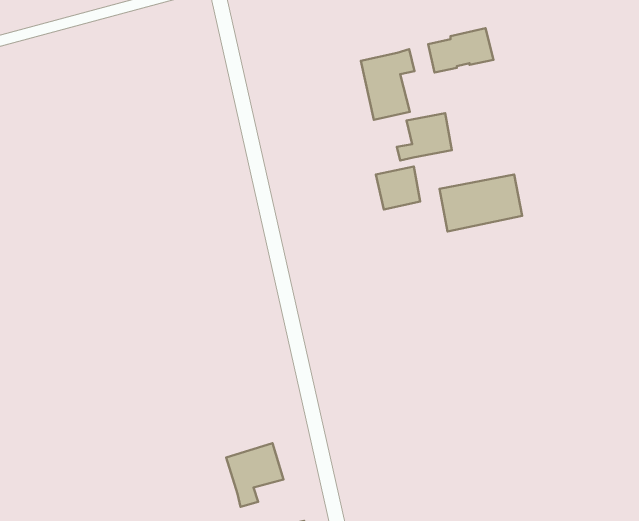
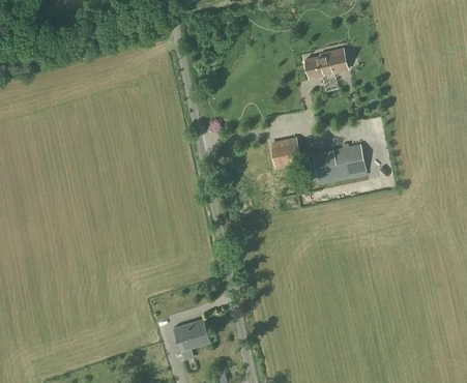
building: [361,49,415,120] -> none
building: [397,113,452,161] -> none

